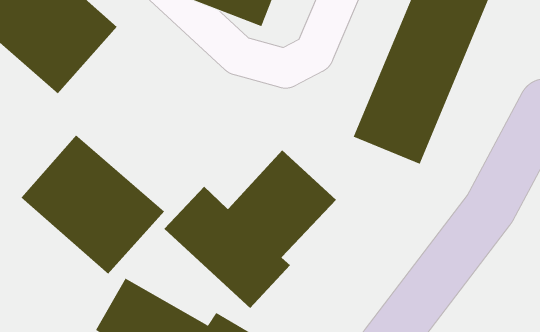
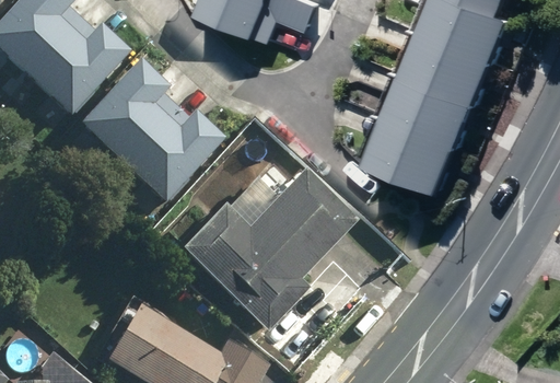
building: [20,134,165,274] -> [74,57,222,200]

